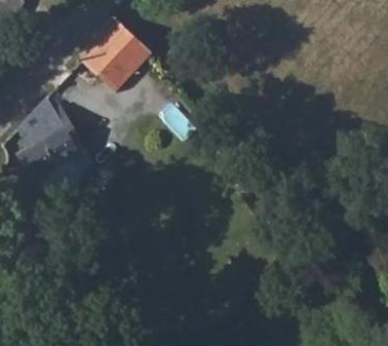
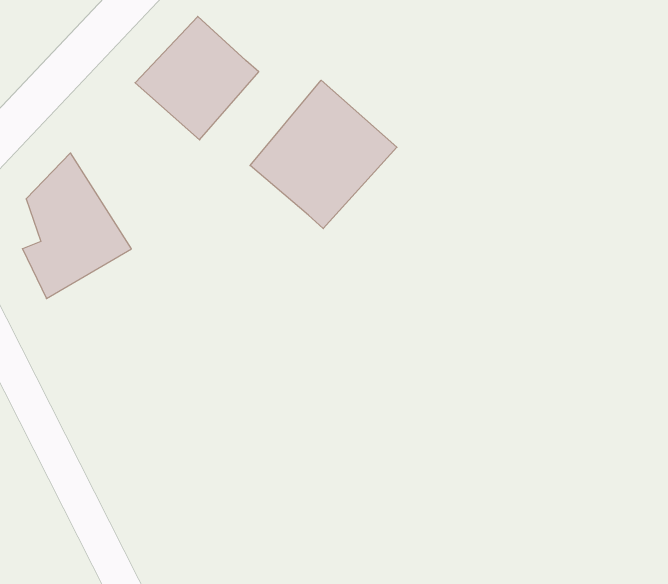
building: none -> [250,80,397,229]

